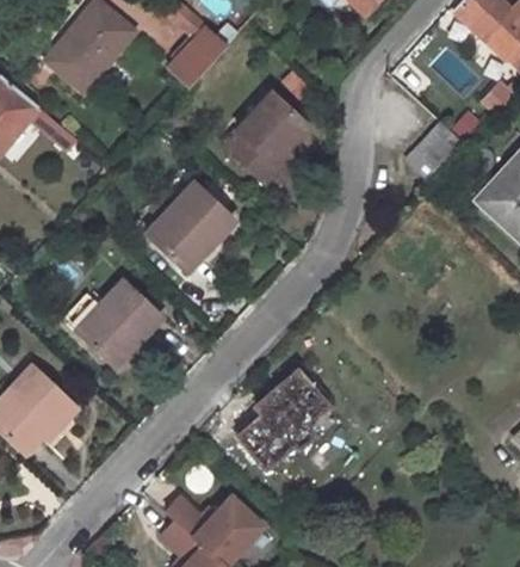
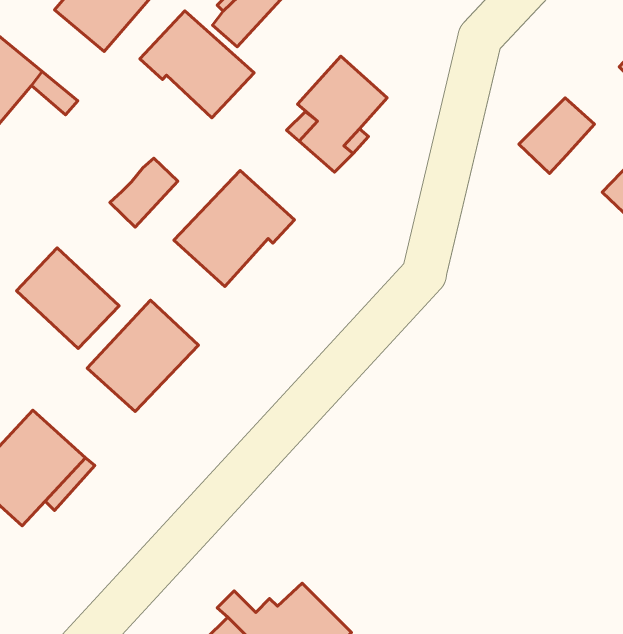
building: none -> [140,11,254,118]
building: none -> [110,158,178,227]
building: none -> [16,248,119,349]
building: [243,375,335,477] -> none

